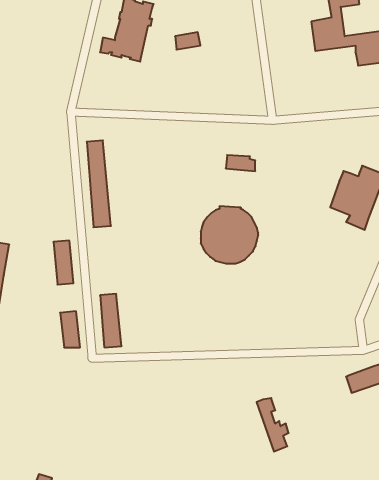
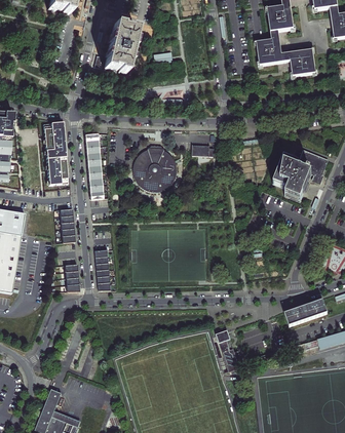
building: none -> [43,122,68,184]
building: [201,206,258,264] -> [135,146,179,190]

